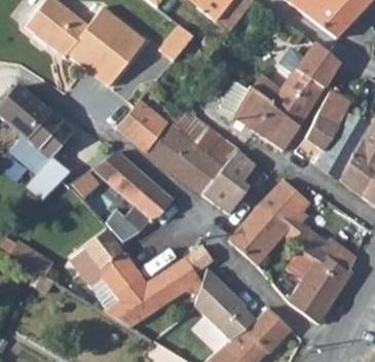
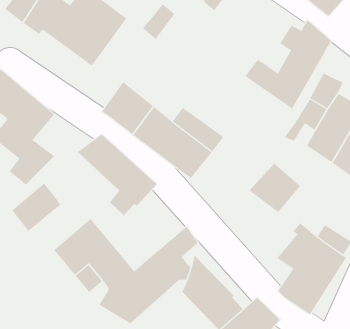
building: [230,94,301,150] -> none
building: [203,154,268,215] -> none
building: none -> [11,182,61,232]
building: [229,206,288,265] -> none

